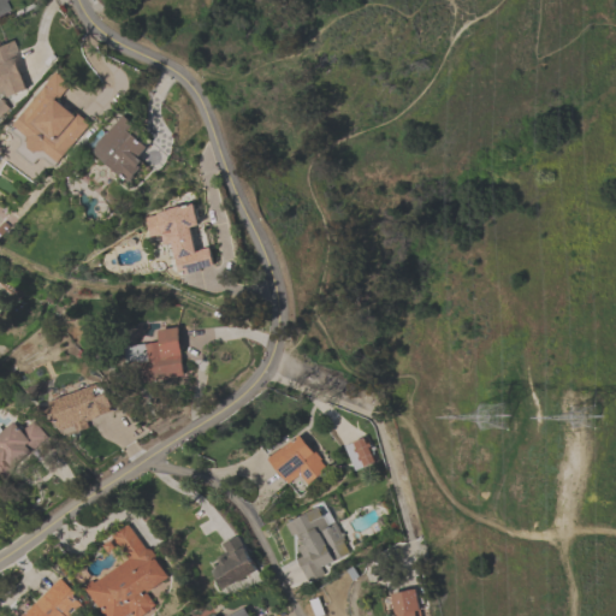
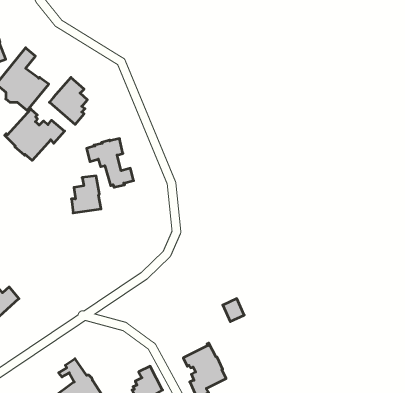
building: none -> [5,109,65,160]
building: [141,327,184,381] -> [71,176,101,213]
building: [47,383,111,432] -> none
building: [267,434,324,484] -> none

